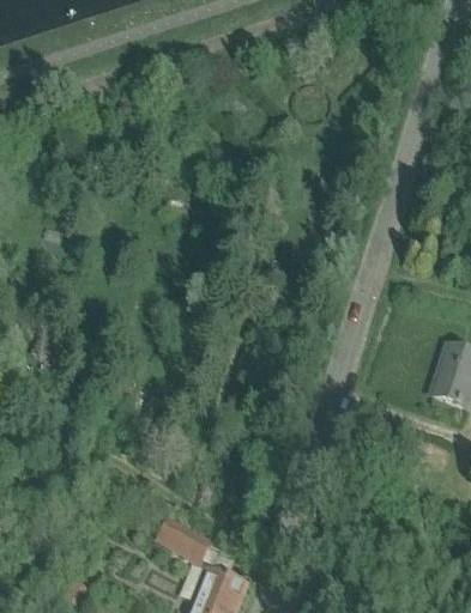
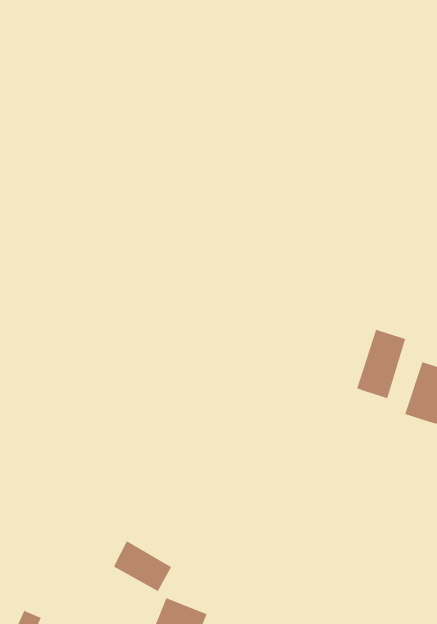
building: none -> [356,329,406,399]

